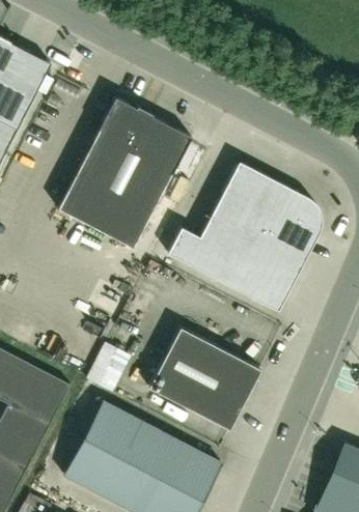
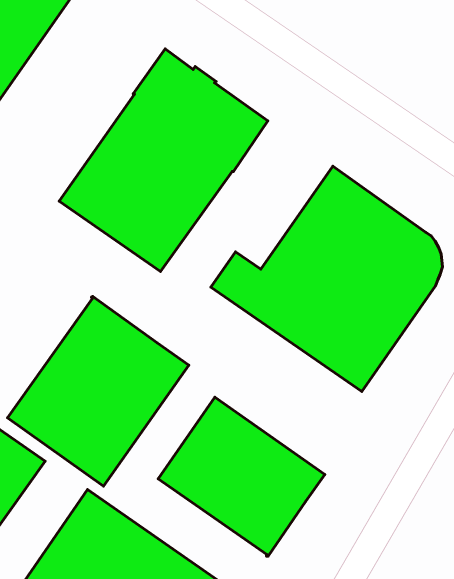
building: none -> [8,297,189,486]

